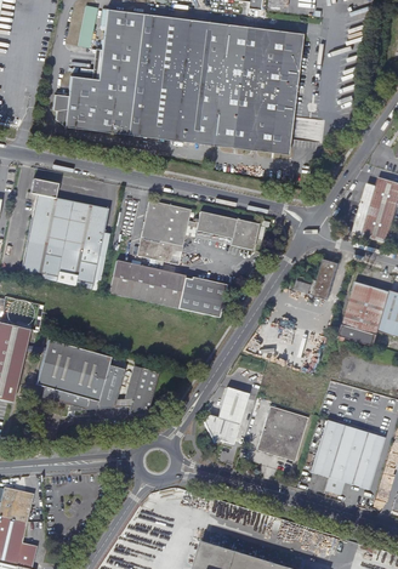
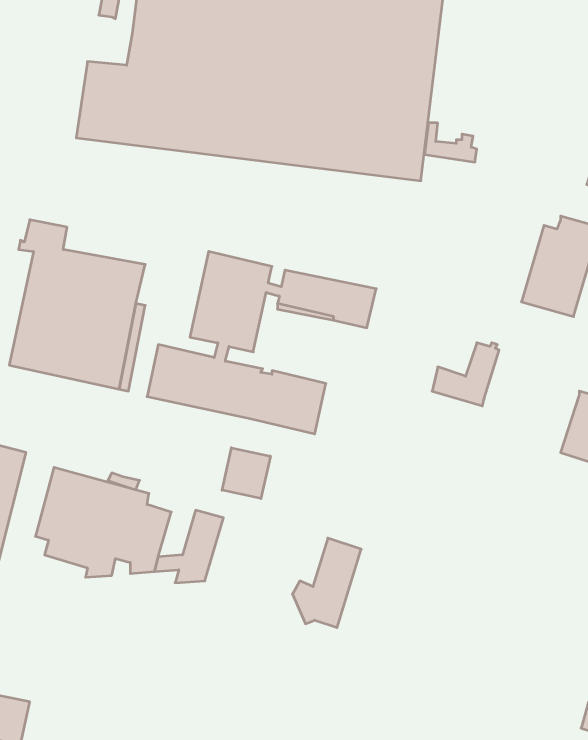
building: [339,281,391,349] -> none
building: none -> [222,448,270,499]
building: [257,405,308,461] -> none
building: [311,420,383,494] -> none

